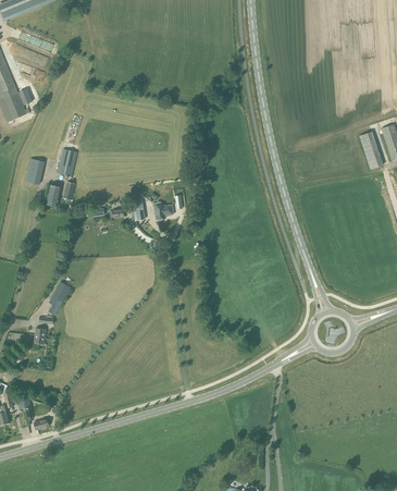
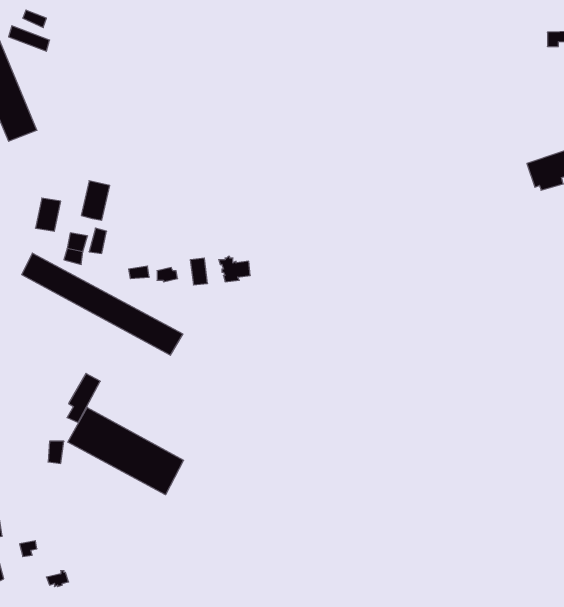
building: none -> [22,253,183,355]
building: none -> [68,407,184,495]

